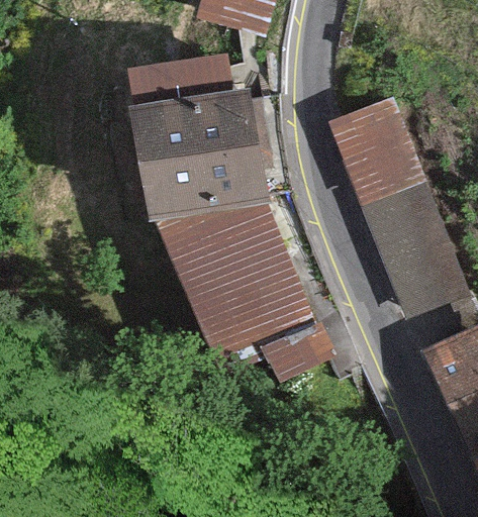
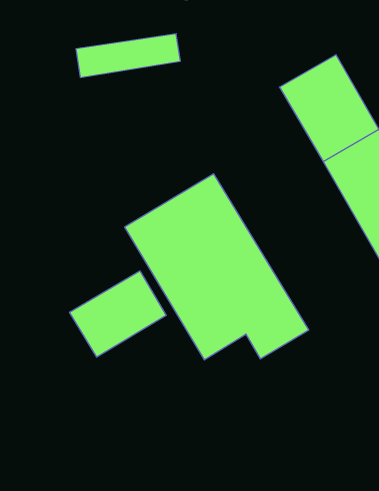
building: [130,91,261,210] -> none
building: none -> [70,271,166,357]

